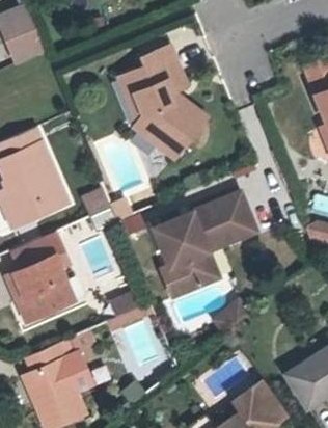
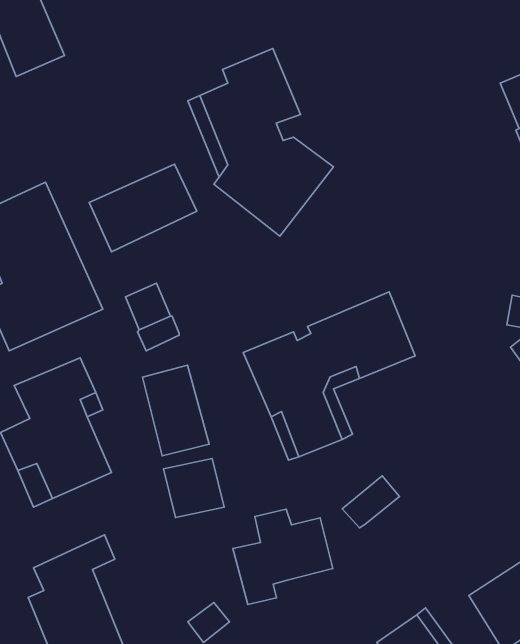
building: none -> [89,164,197,252]
building: none -> [143,365,209,456]
building: none -> [233,509,333,605]

